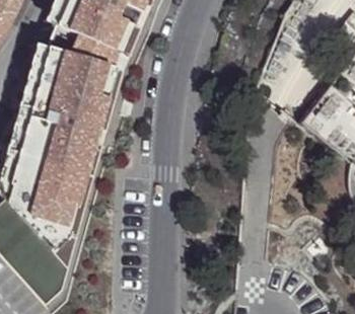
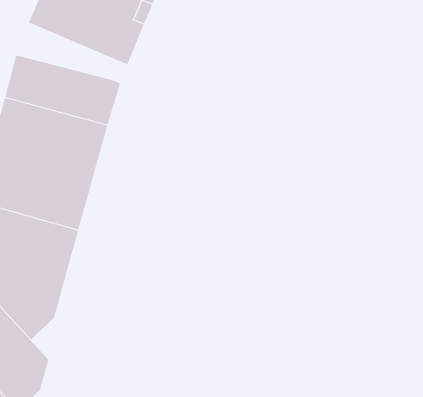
building: [47,25,118,65] -> none

